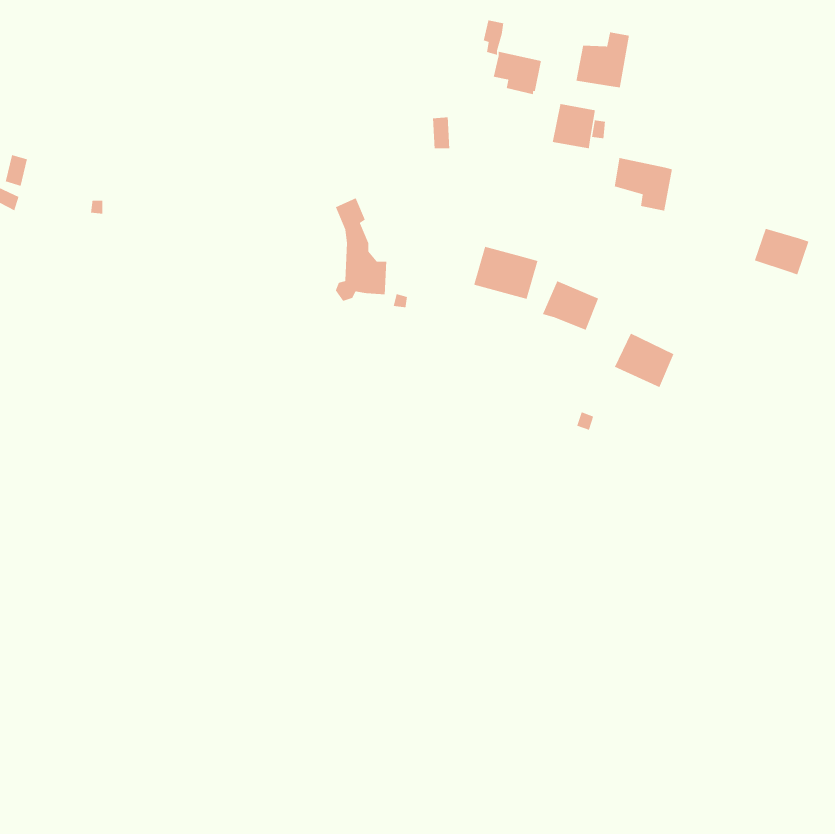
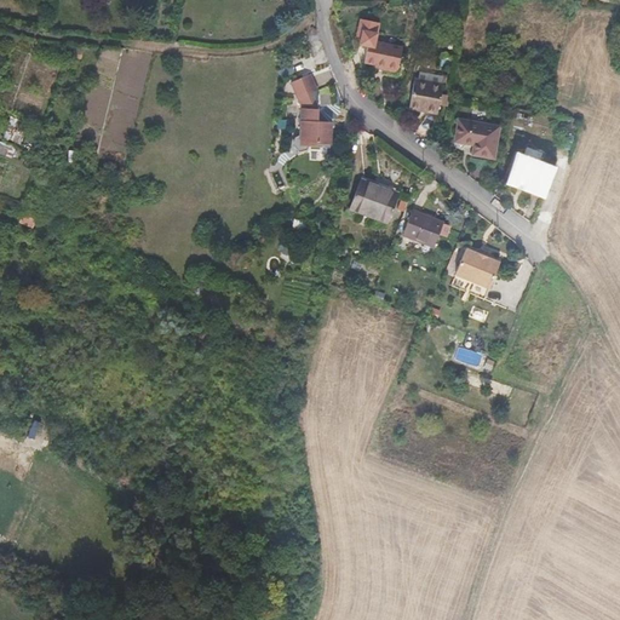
building: [576,32,630,88] -> none
building: [335,197,387,302] -> [293,73,332,150]
building: [754,228,809,275] -> [512,155,553,190]

